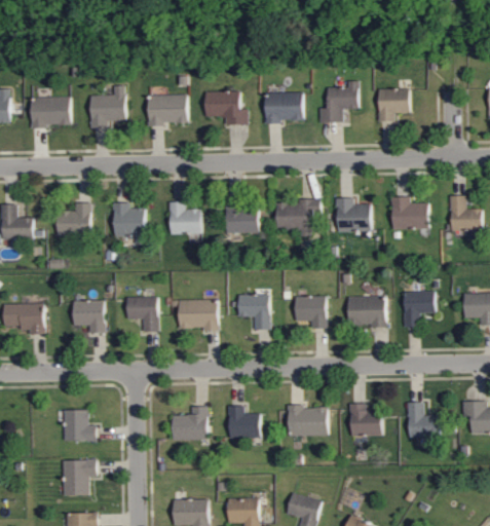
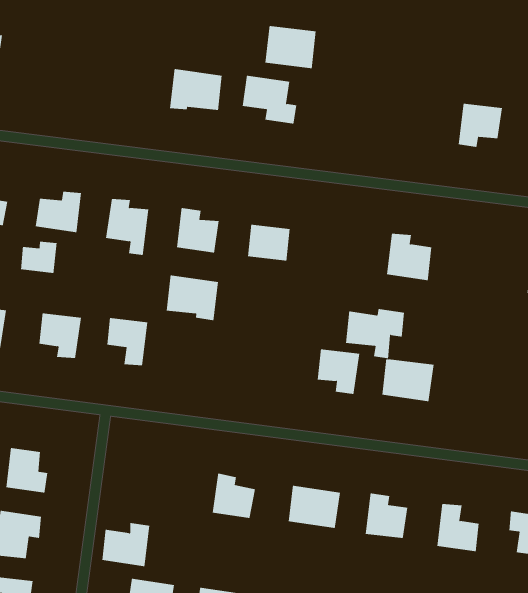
building: [318,81,359,123] -> none
building: [89,85,125,128] -> none
building: [264,91,303,122] -> [265,26,317,69]
building: [30,97,70,126] -> none
building: [390,197,427,229] -> none
building: [275,198,321,236] -> [345,309,405,359]
building: none -> [21,241,57,274]
building: [403,291,435,327] -> none
building: [237,295,269,330] -> none
building: [178,300,218,331] -> [166,275,219,321]
building: [172,407,208,440] -> [102,522,150,567]

